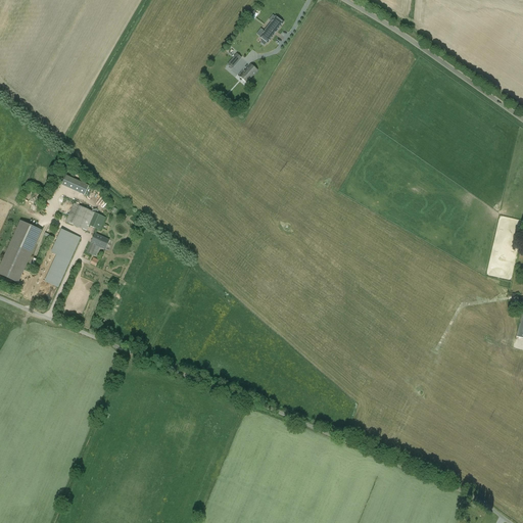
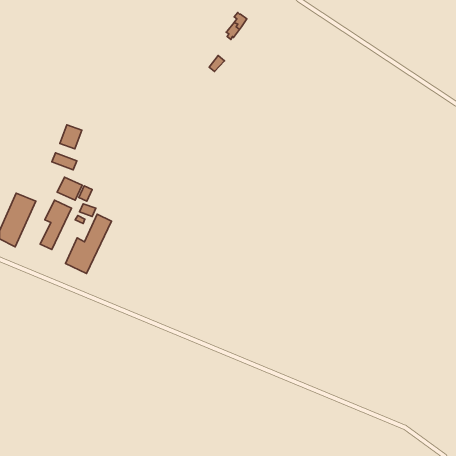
building: none -> [60,125,82,149]
building: none -> [65,214,112,274]

